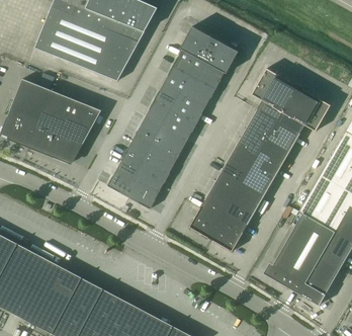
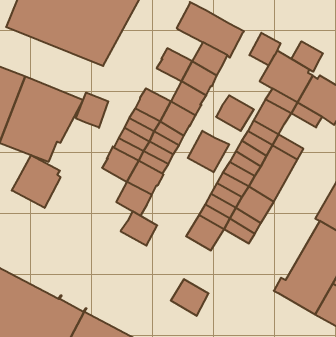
building: [173,50,203,77] -> none
building: none -> [249,33,280,66]
building: none -> [291,41,323,72]
building: [155,83,185,111] -> none
building: none -> [76,93,108,128]
building: [268,121,300,152] -> [216,95,254,131]
building: none -> [188,131,229,172]
building: none -> [12,155,60,208]
building: [107,168,139,197] -> [121,211,157,246]
building: [210,221,243,252] -> [171,279,209,316]

